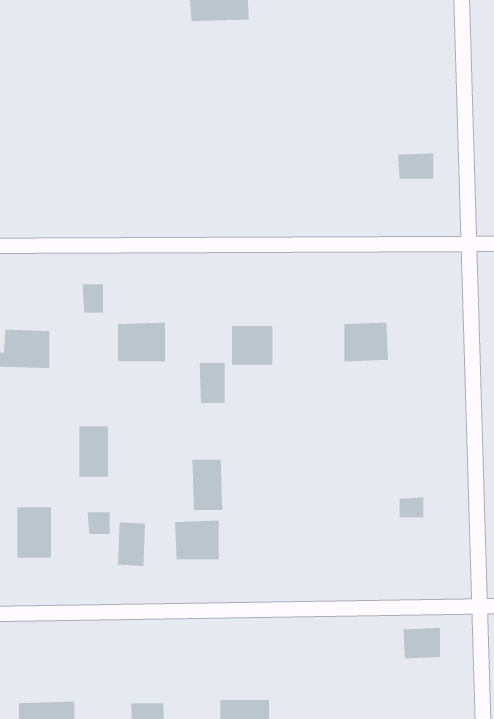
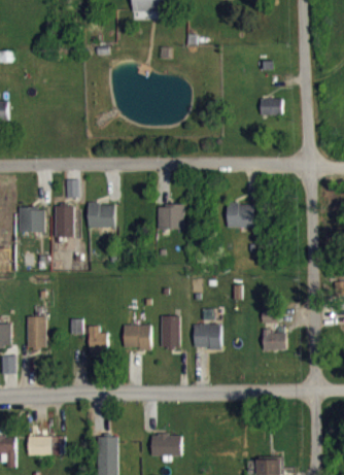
building: [199,362,226,404] -> none
building: [79,426,109,478] -> [55,205,73,237]
building: [191,459,223,511] -> [160,315,179,347]
building: none -> [193,324,220,348]
building: [402,627,441,659] -> [262,330,285,349]

